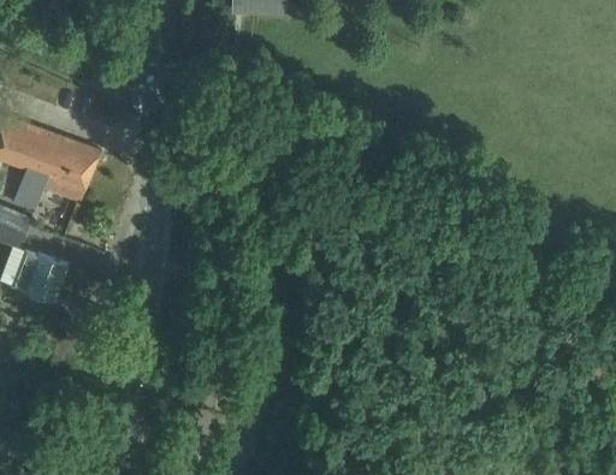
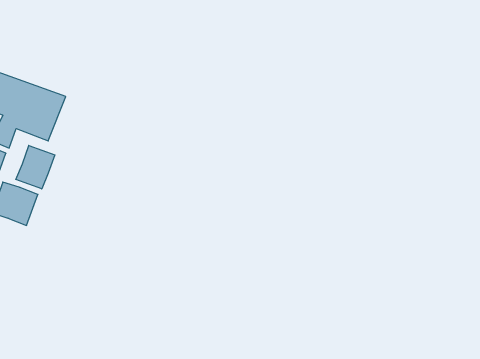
building: none -> [16,145,55,189]

